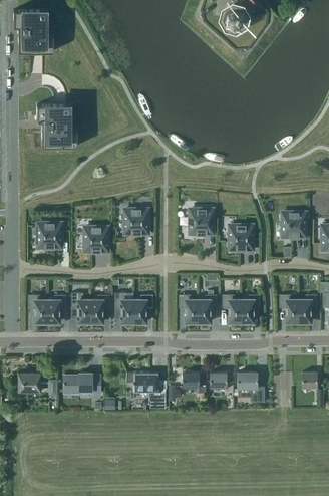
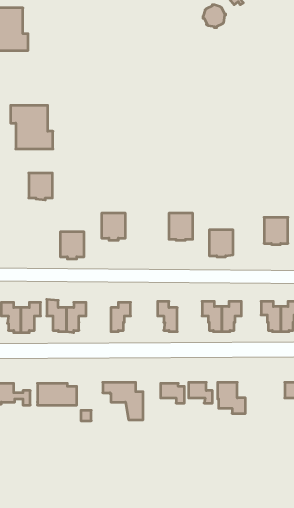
building: [37,223,60,249] -> [29,173,52,200]
building: [114,293,133,323] -> none
building: [198,294,217,323] -> none

